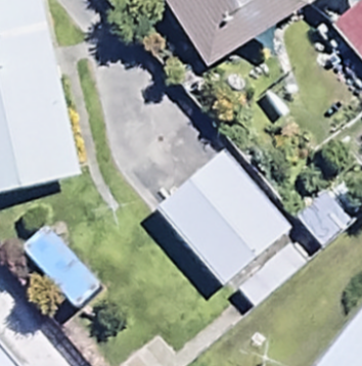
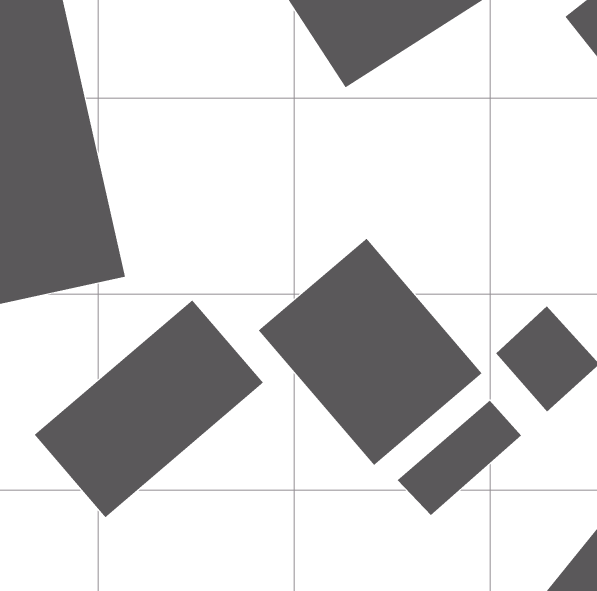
building: none -> [34,299,264,518]

